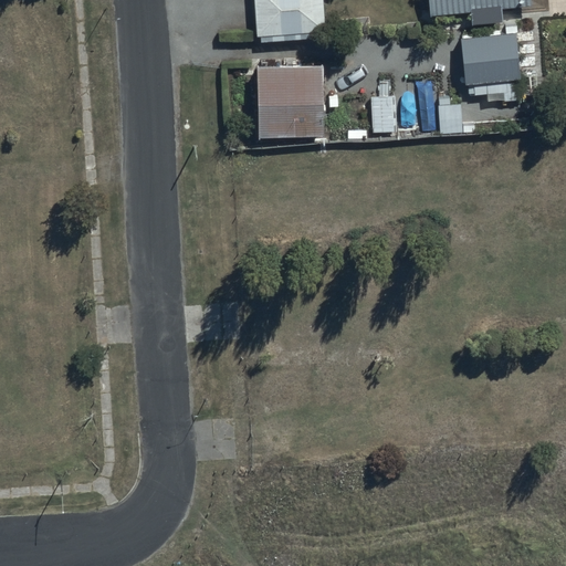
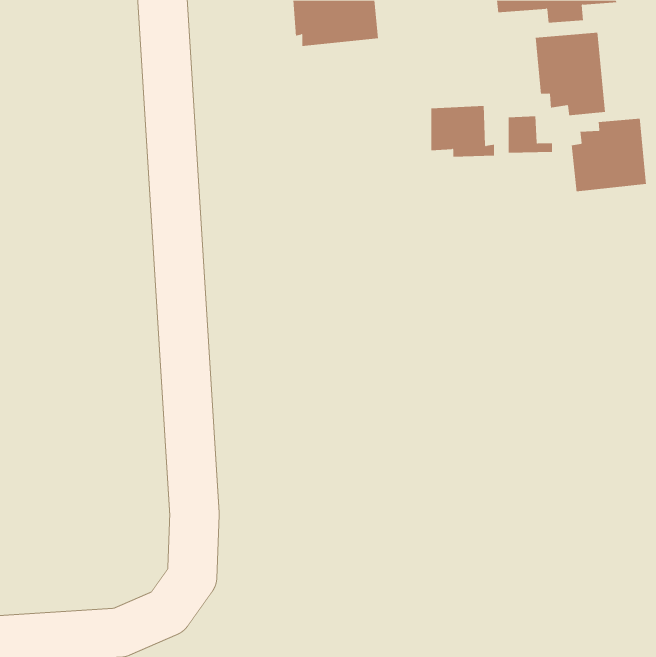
building: [256,62,323,133] -> none
building: none -> [571,118,647,192]

